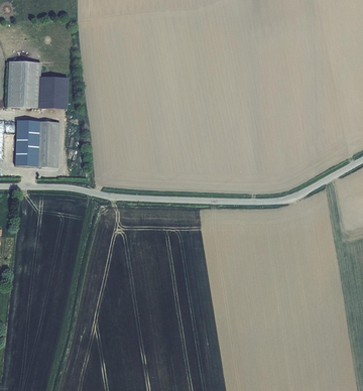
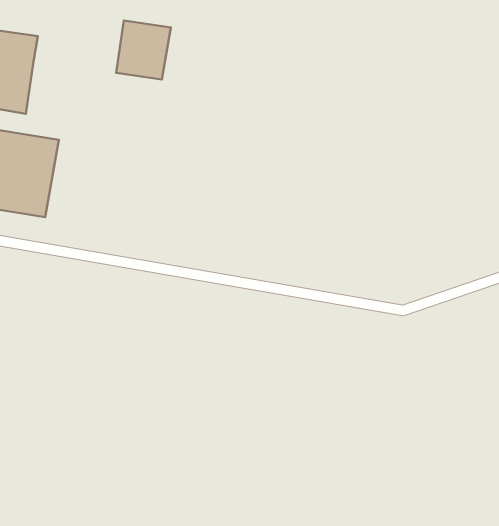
building: [38,78,68,110] -> [116,20,171,80]

